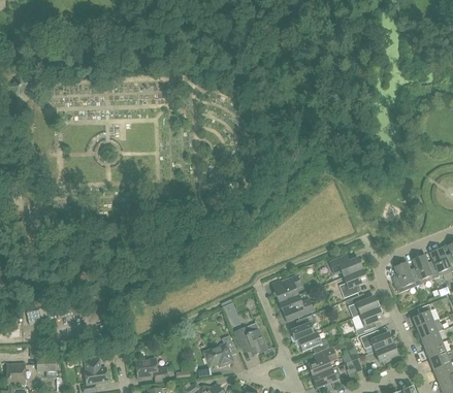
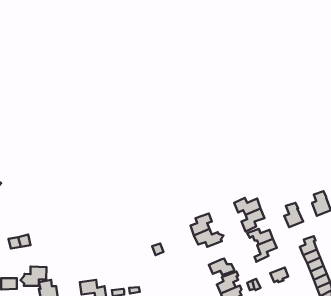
building: [409,254,433,285] -> none
building: [290,313,316,340] -> none
building: [235,322,267,355] -> none
building: [360,330,393,350] -> none
building: [205,334,236,365] -> none
building: none -> [20,266,47,286]

